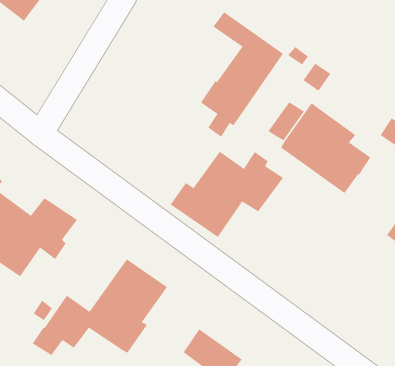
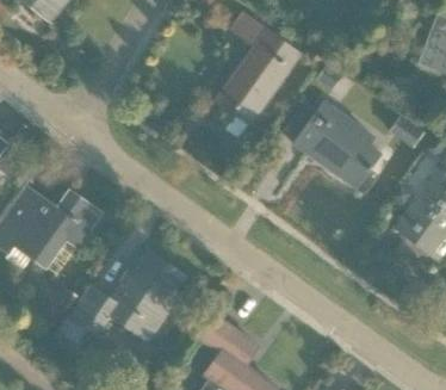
building: [170,151,284,238] -> none

